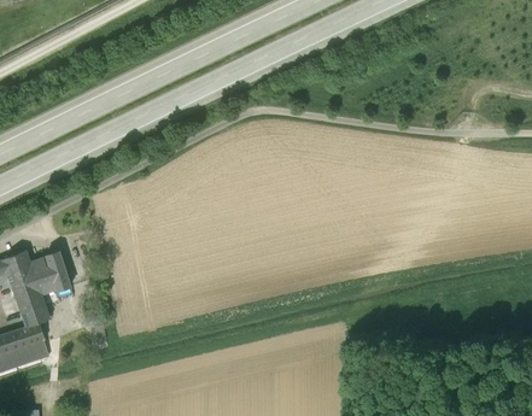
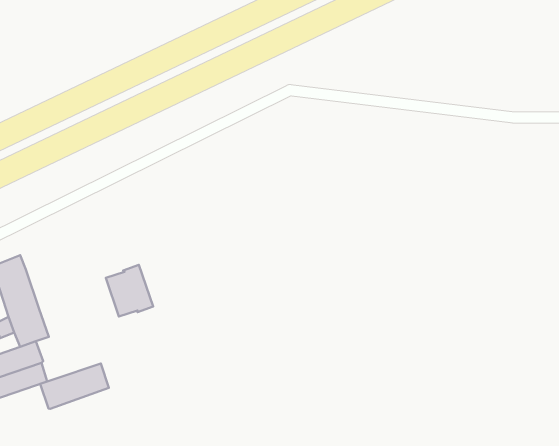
building: [30,251,70,294] -> [106,265,153,316]
building: none -> [40,363,109,409]

